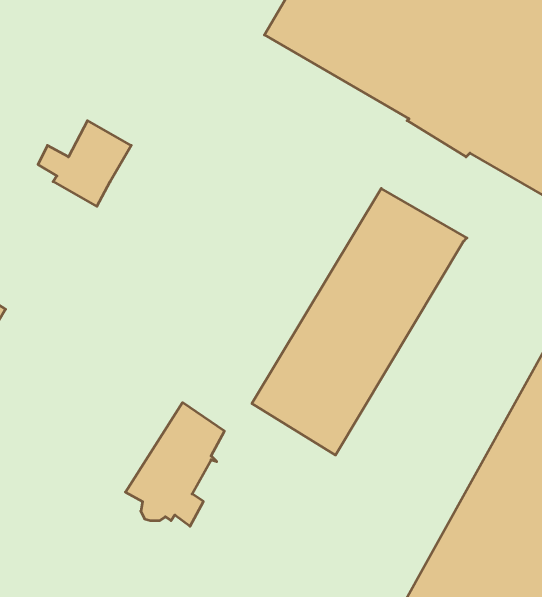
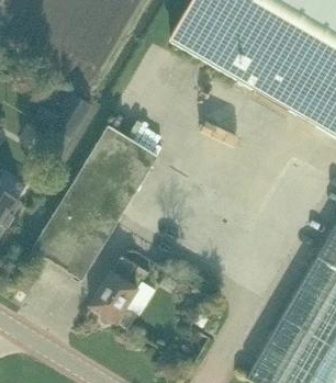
building: [252,188,467,455] -> [34,125,158,279]

